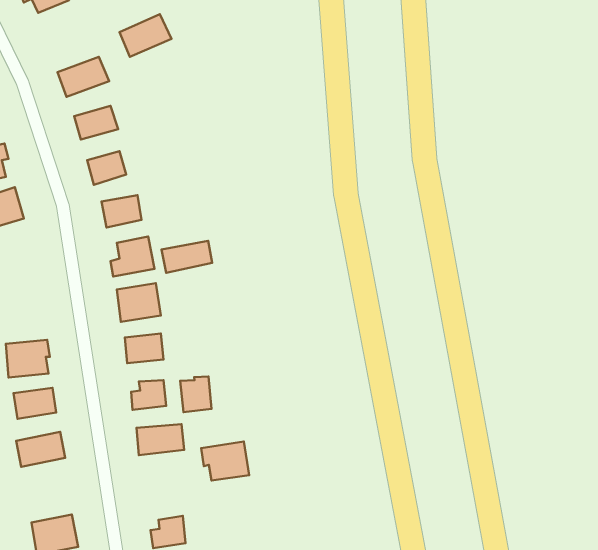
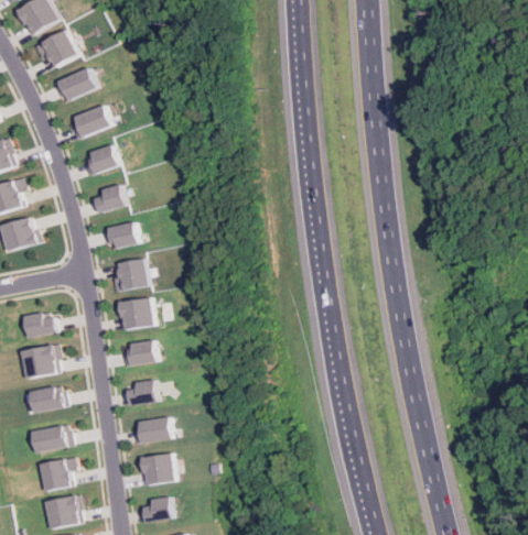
building: [120,14,171,57] -> [51,67,95,103]
building: [162,241,212,273] -> none
building: none -> [24,313,56,336]
building: [180,376,212,412] -> none
building: [201,442,249,480] -> [138,452,179,485]
building: none -> [40,457,75,491]

